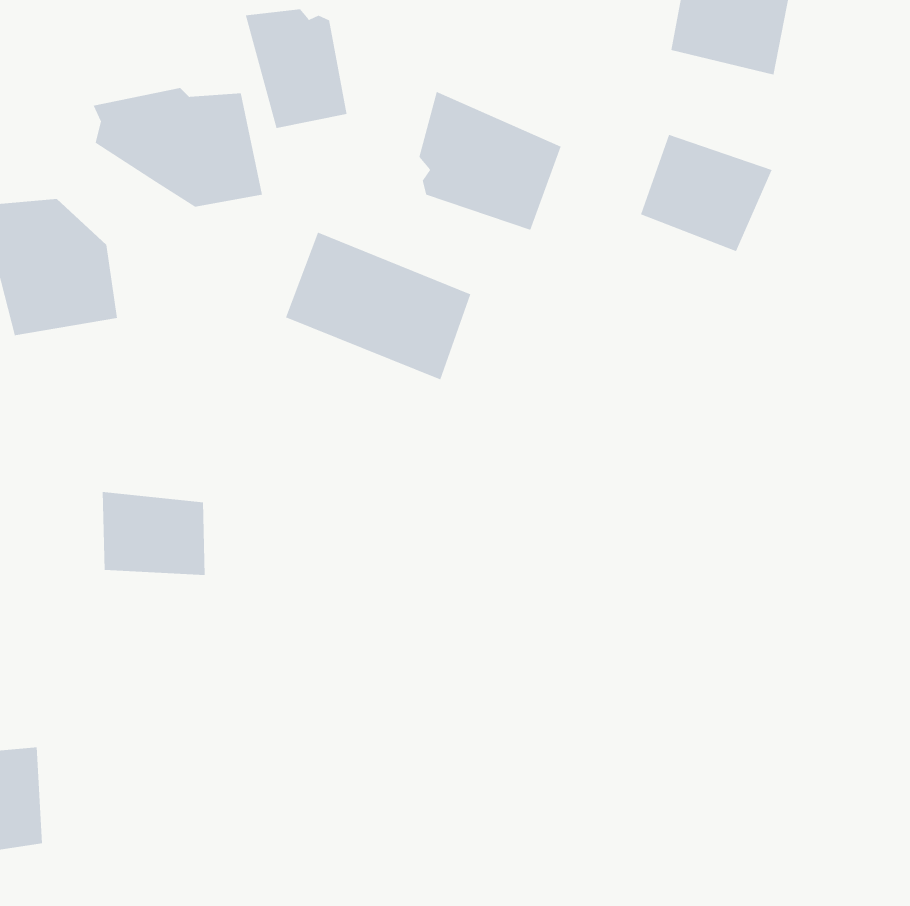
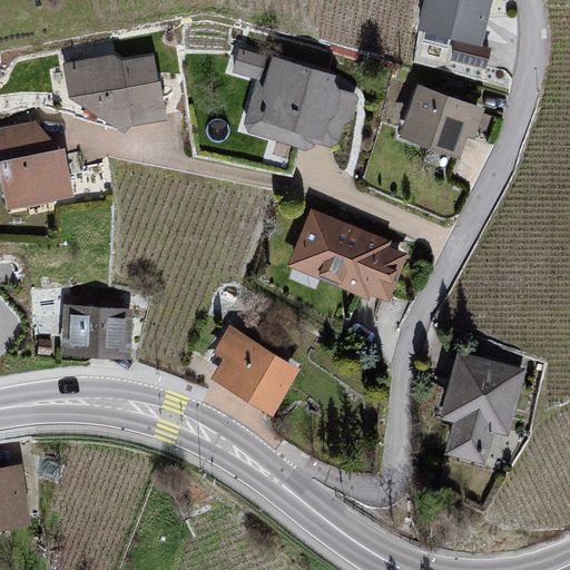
building: [245,8,347,129] -> none
building: [285,232,471,380] -> [289,208,405,301]
building: none -> [208,325,296,413]
building: none -> [443,351,527,468]

